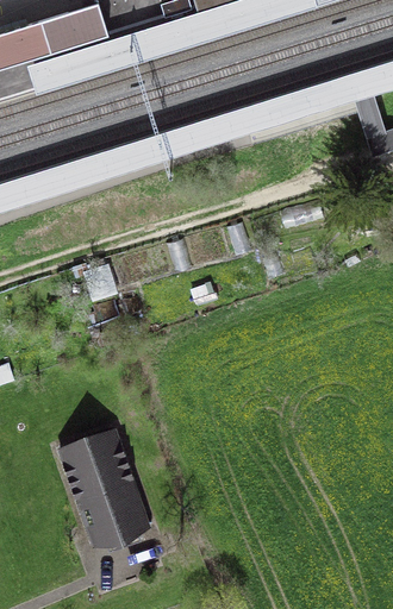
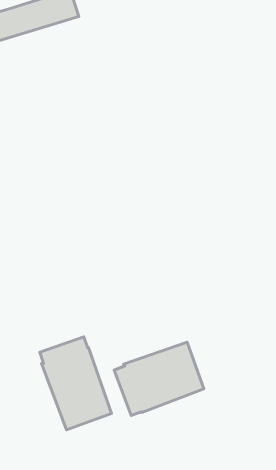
building: none -> [114,342,204,415]

